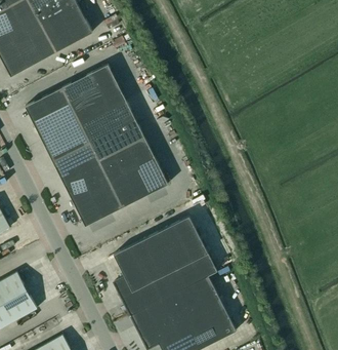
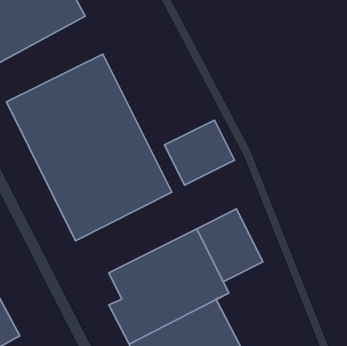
building: none -> [164,120,234,185]
building: none -> [197,209,263,282]

